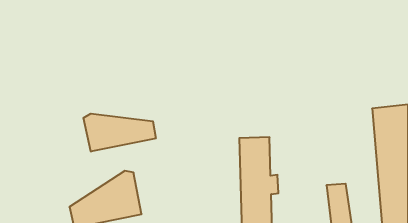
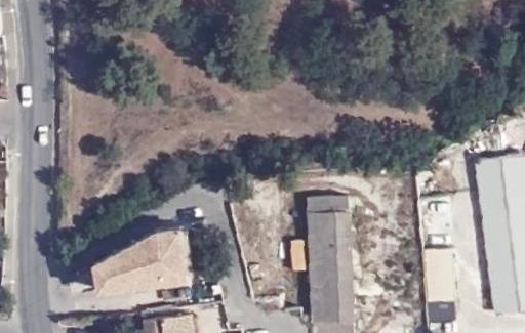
building: [84,114,156,152] -> none

